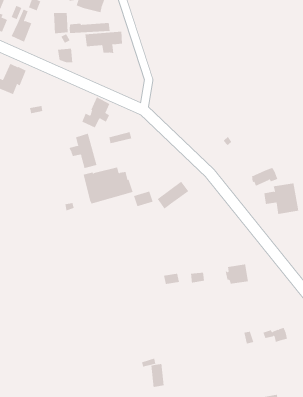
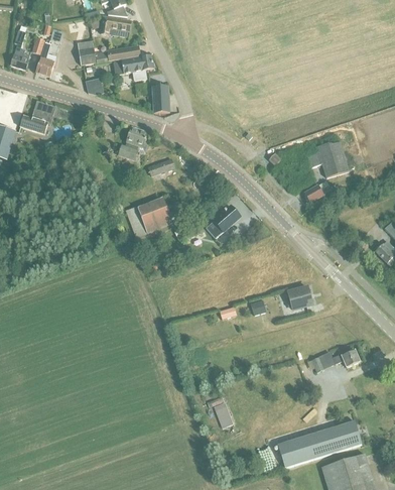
building: none -> [151,86,169,112]
building: [69,133,97,169] -> none
building: [264,183,299,215] -> [307,140,347,175]

